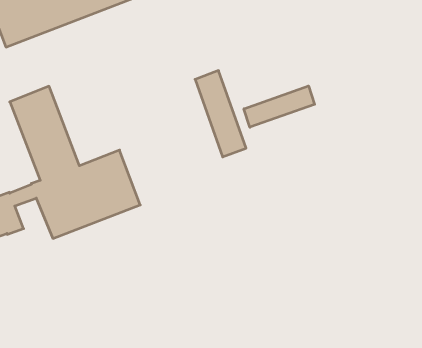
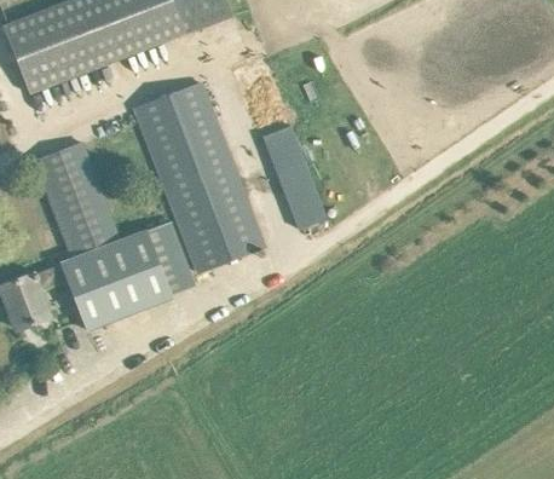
building: none -> [131,81,267,277]
building: [244,86,315,127] -> none

